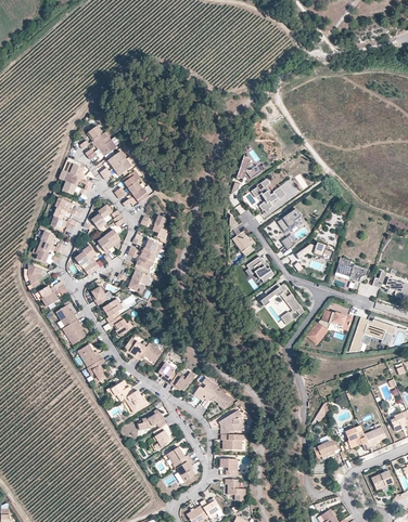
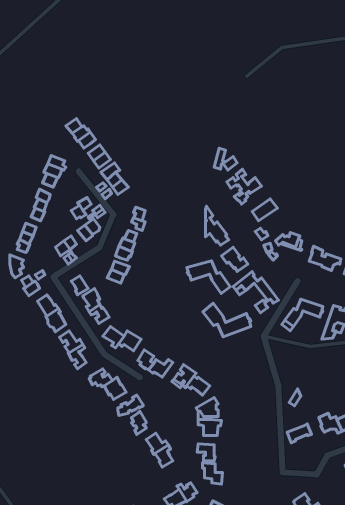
building: none -> [187,261,230,294]
building: none -> [203,303,251,337]

